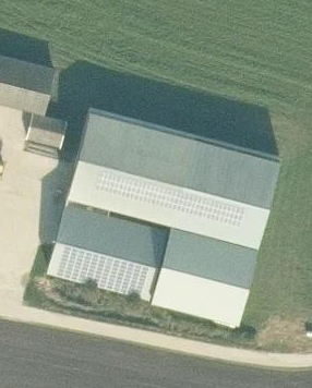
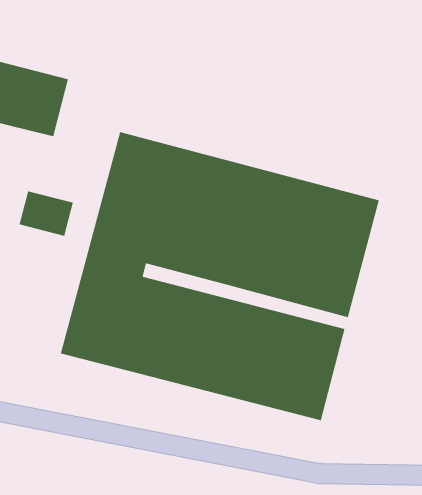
building: [26,114,67,148] -> [19,190,74,237]

